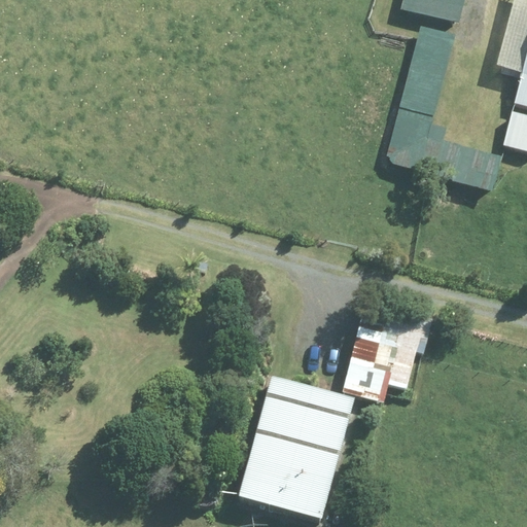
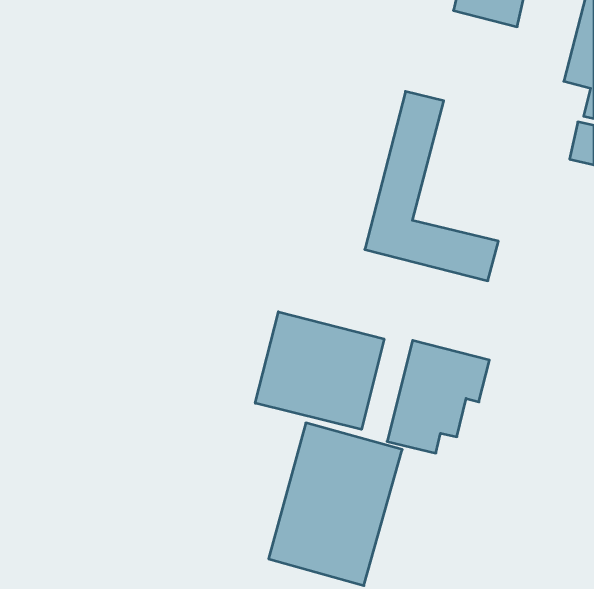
building: [384,25,502,192] -> [365,91,498,281]
building: none -> [255,312,384,429]

